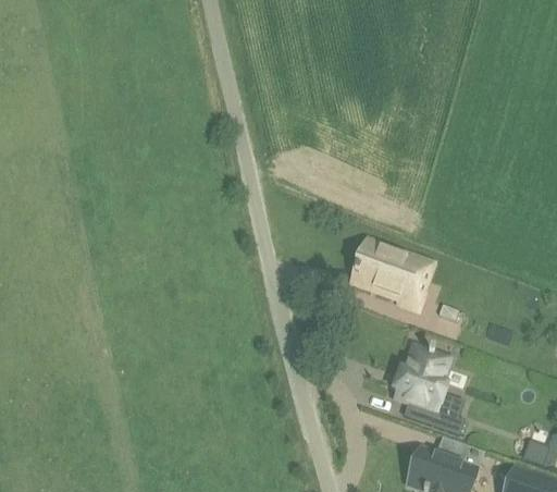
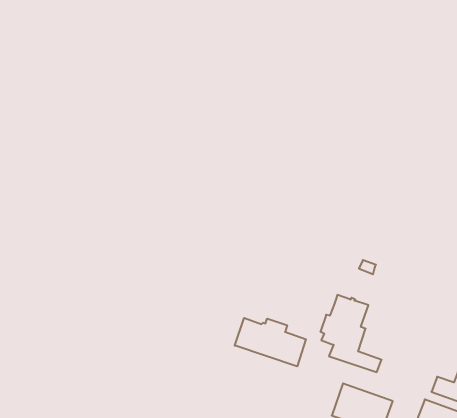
building: [356,239,435,302] -> none
building: none -> [235,318,306,366]

